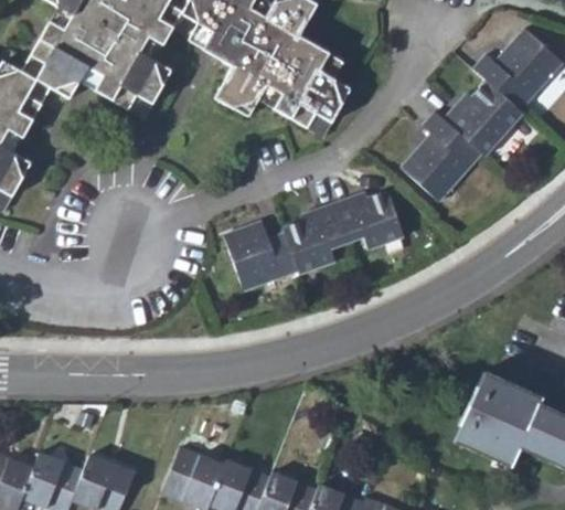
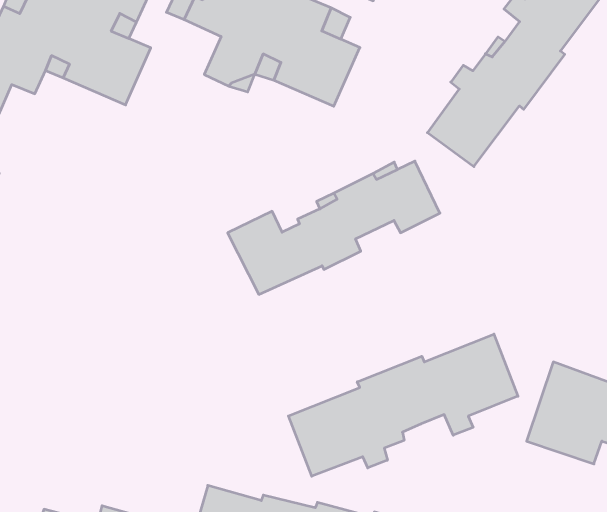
building: none -> [288,334,518,476]

